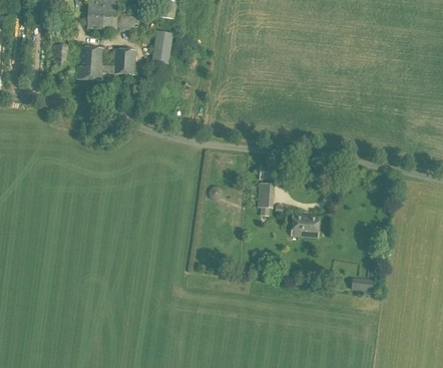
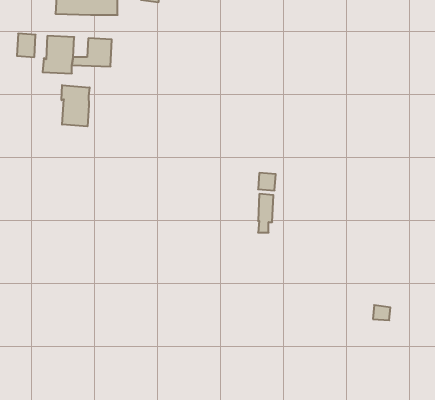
building: [150,30,172,63] -> none
building: none -> [62,85,90,126]
building: [289,214,317,238] -> none

